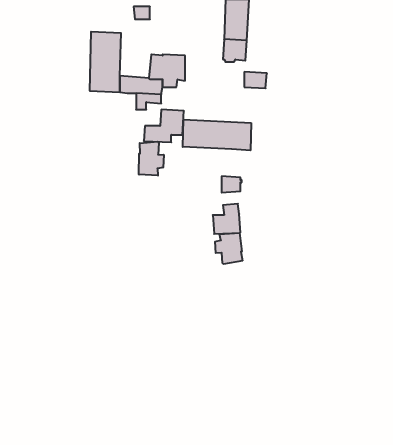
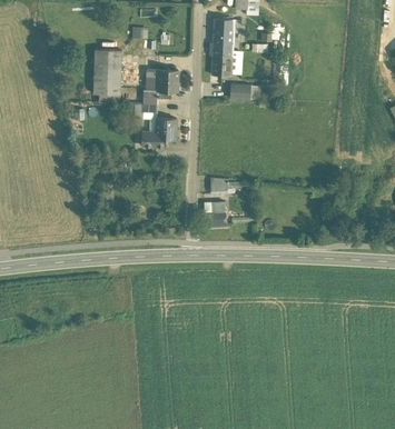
building: [183,119,251,150] -> none
building: [139,142,164,176] -> none
building: [215,233,242,264] -> none

